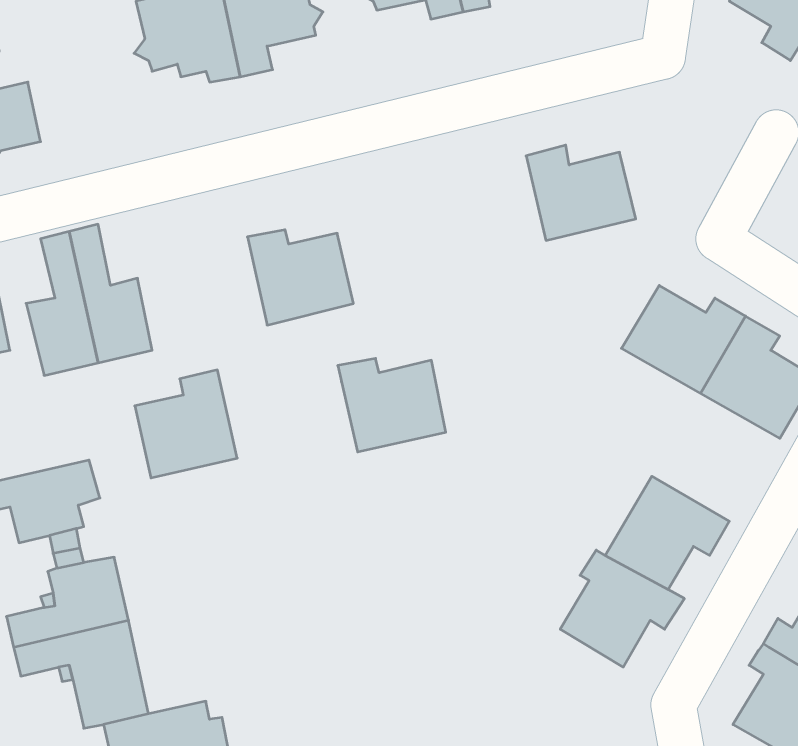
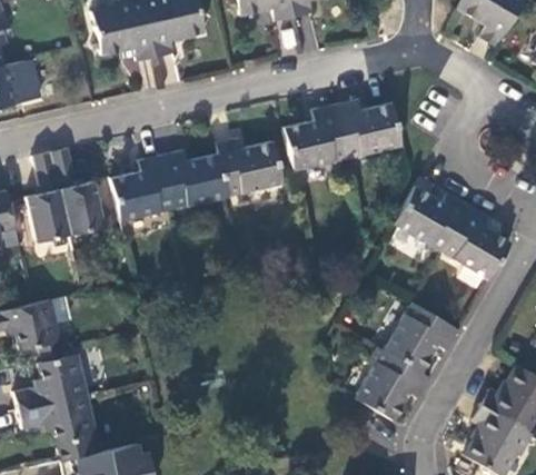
building: none -> [282,105,346,170]
building: [338,358,446,452] -> [215,138,281,196]
building: [135,370,237,478] -> [110,155,173,221]

